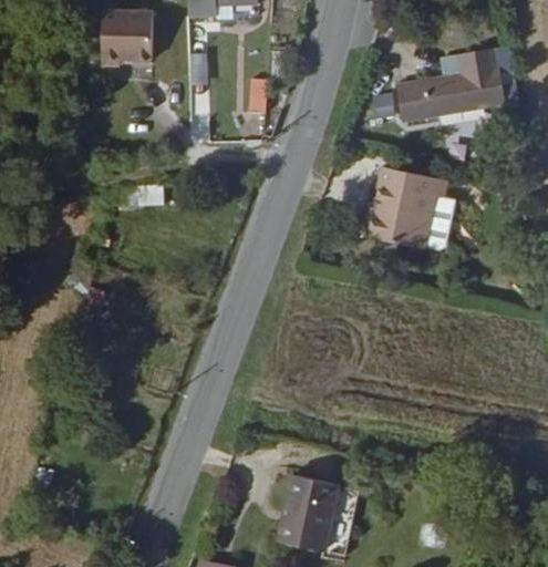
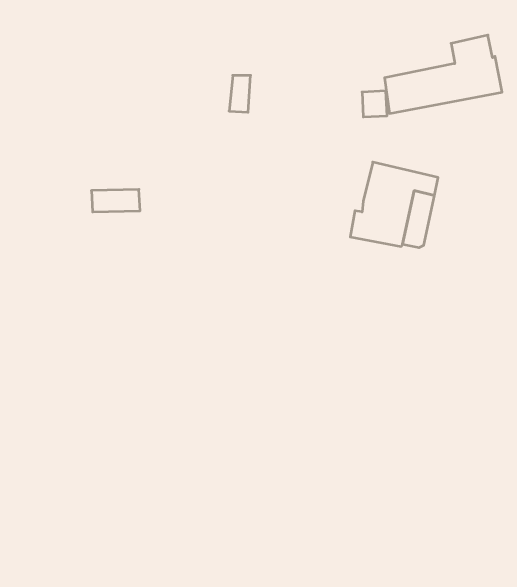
building: [103,18,152,75] -> none
building: [282,477,339,553] -> none

